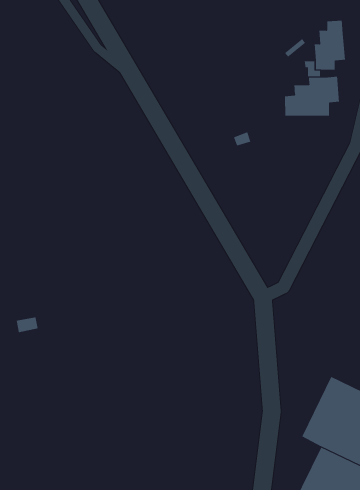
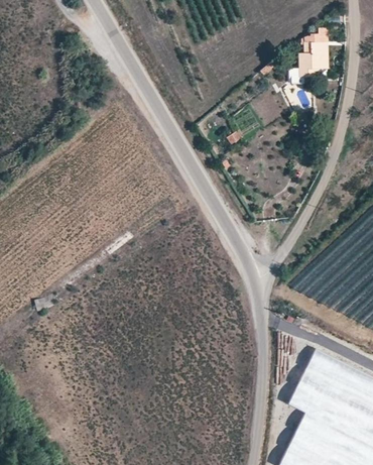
building: [284,76,340,117] -> none

